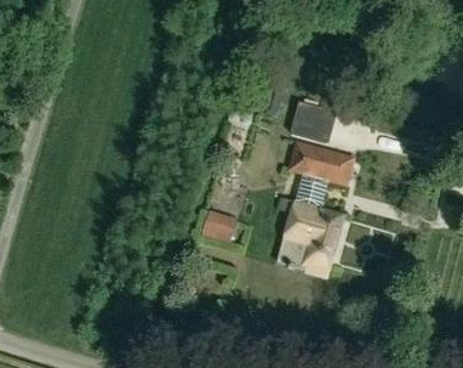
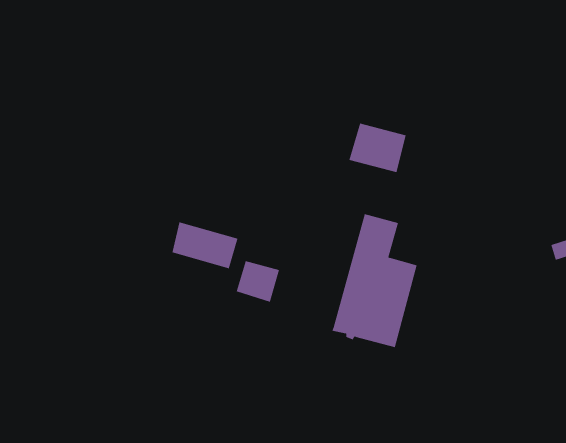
building: [285,142,353,188] -> none
building: none -> [172,221,238,269]

